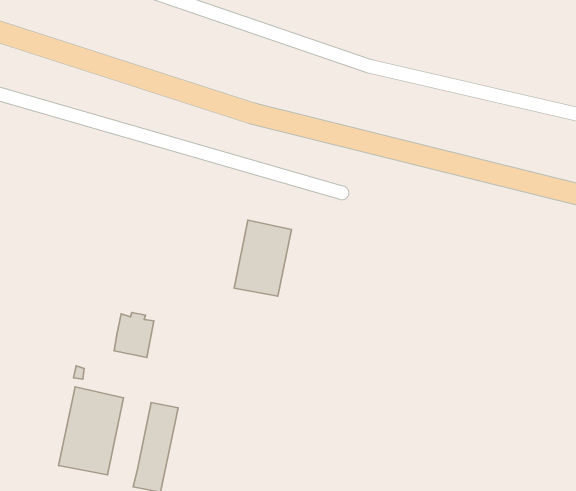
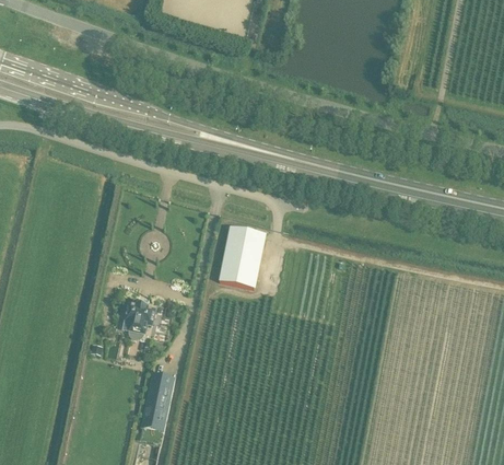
building: [59,387,123,475] -> none

